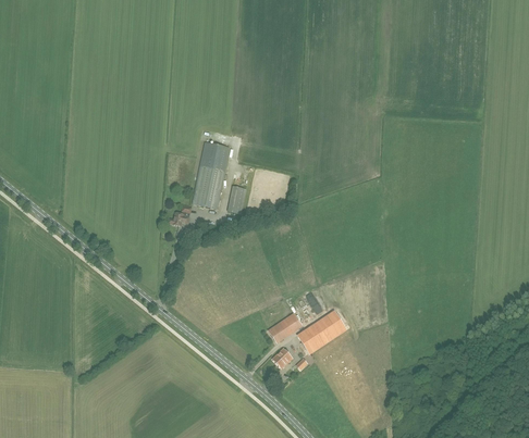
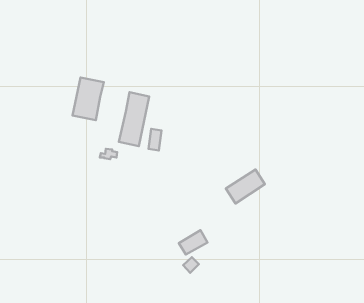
building: none -> [73,78,104,120]
building: [297,311,346,353] -> [226,169,265,203]

